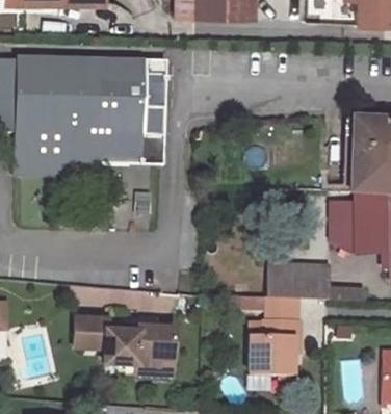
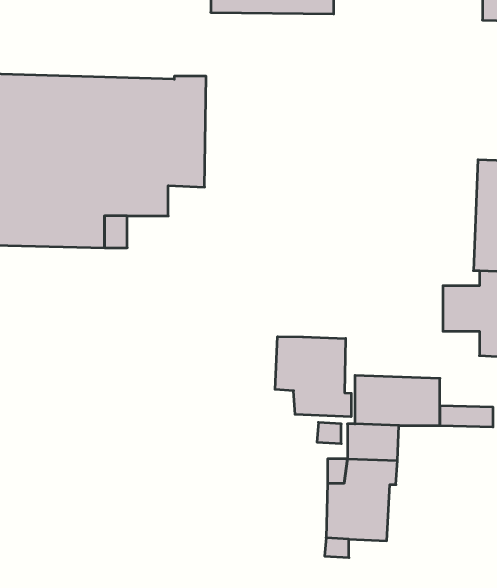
building: none -> [275,337,351,417]
building: [77,328,176,383] -> none

